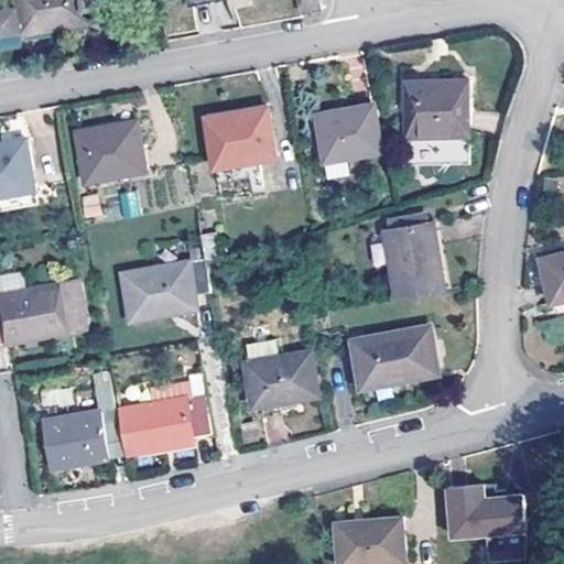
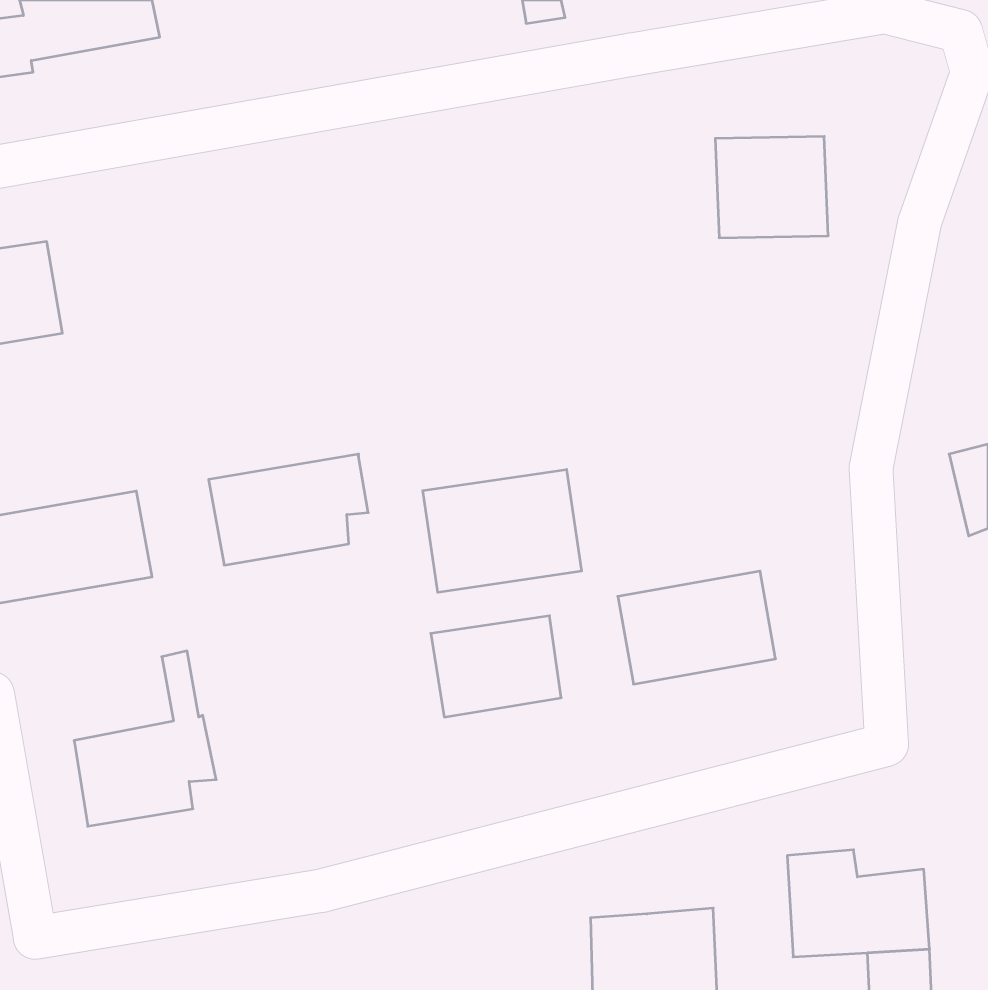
building: [313,104,379,163] -> none
building: [204,105,273,170] -> none
building: [75,120,145,182] -> none
building: [381,220,445,300] -> none
building: none -> [423,469,582,592]
building: [118,394,210,456] -> none

